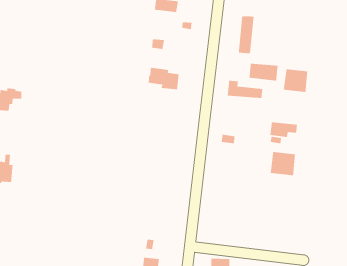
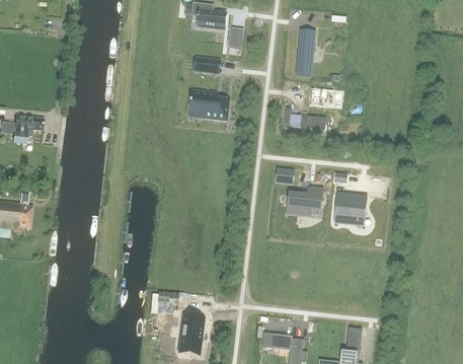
building: [283,69,308,93] -> none
building: [269,122,298,138] -> [288,194,321,213]

